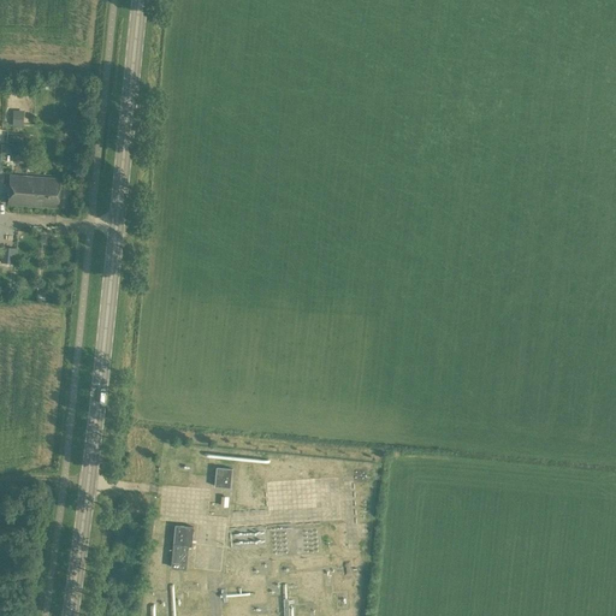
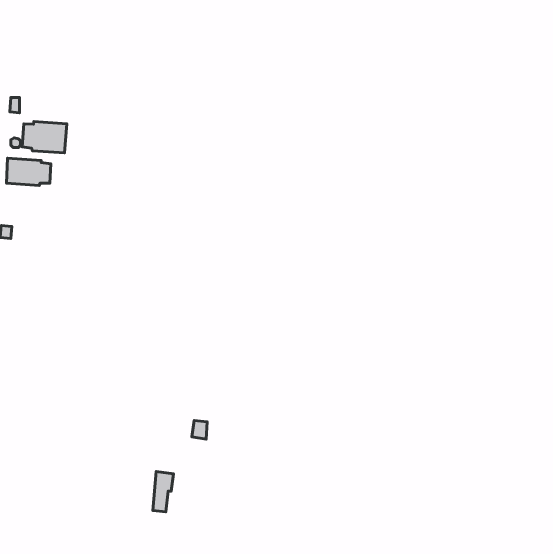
building: none -> [22,122,67,153]

